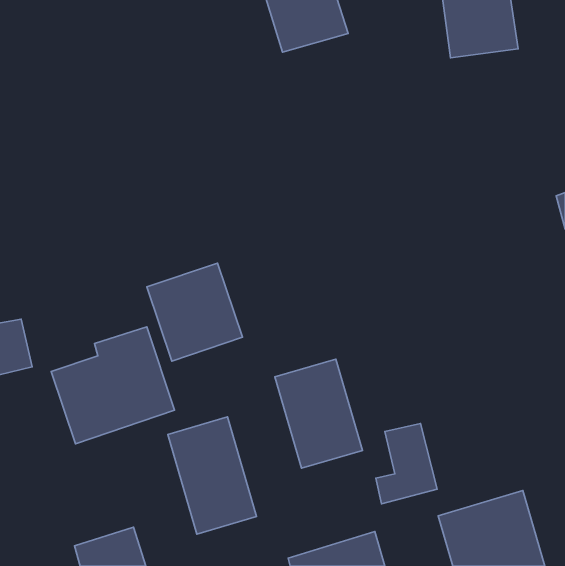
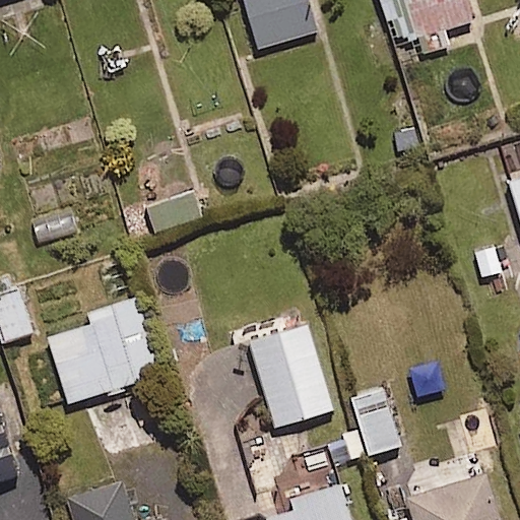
building: [147,263,243,361] -> none
building: [168,417,257,534] -> none

